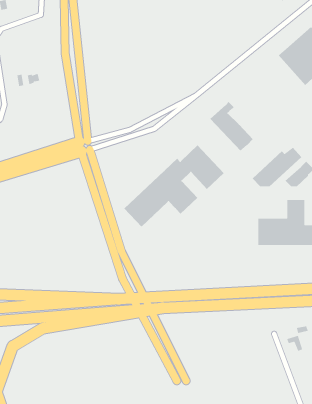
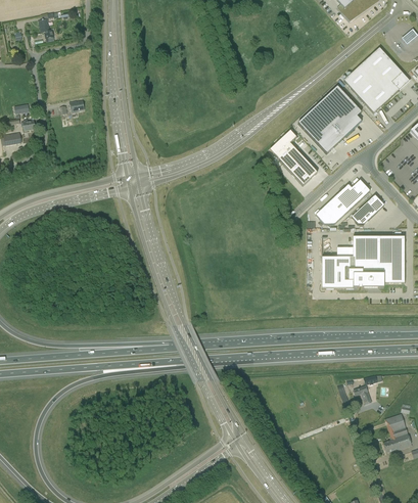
building: none -> [297,85,361,152]
building: [123,145,225,228] -> none

